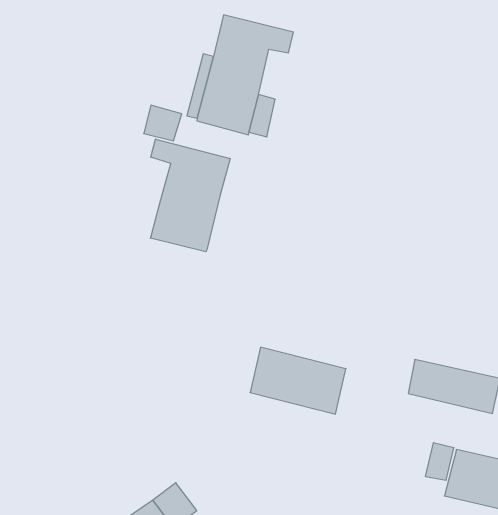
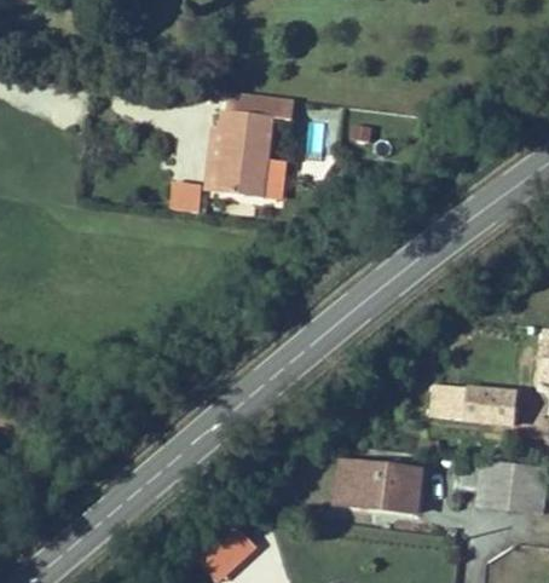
building: [150,139,230,252] -> none
building: [250,347,346,414] -> [337,460,422,513]

